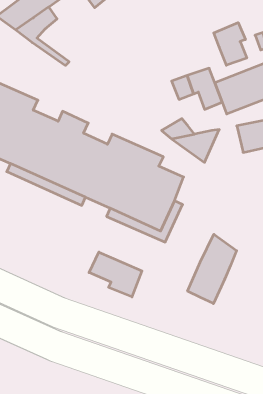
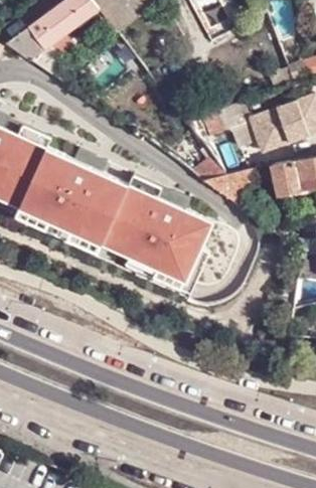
building: [214,23,247,65] -> none
building: [188,234,237,304] -> none
building: [89,252,142,297] -> none

